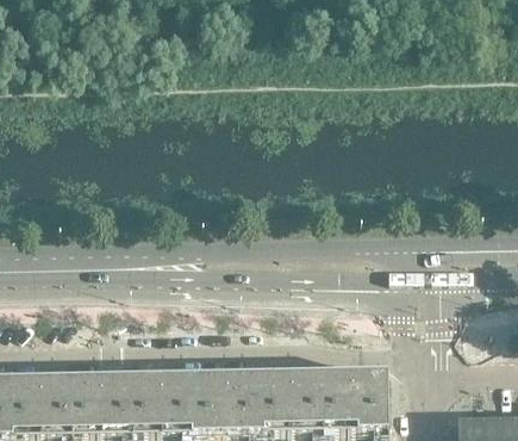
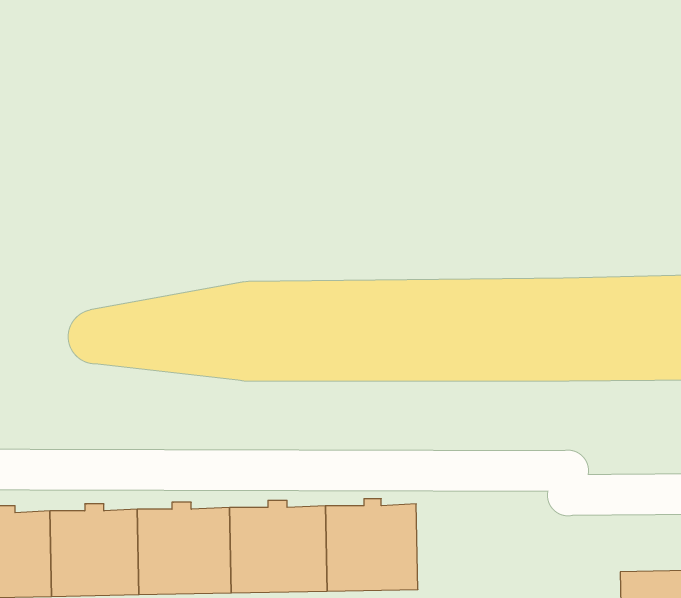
building: [320,364,388,427] -> none

